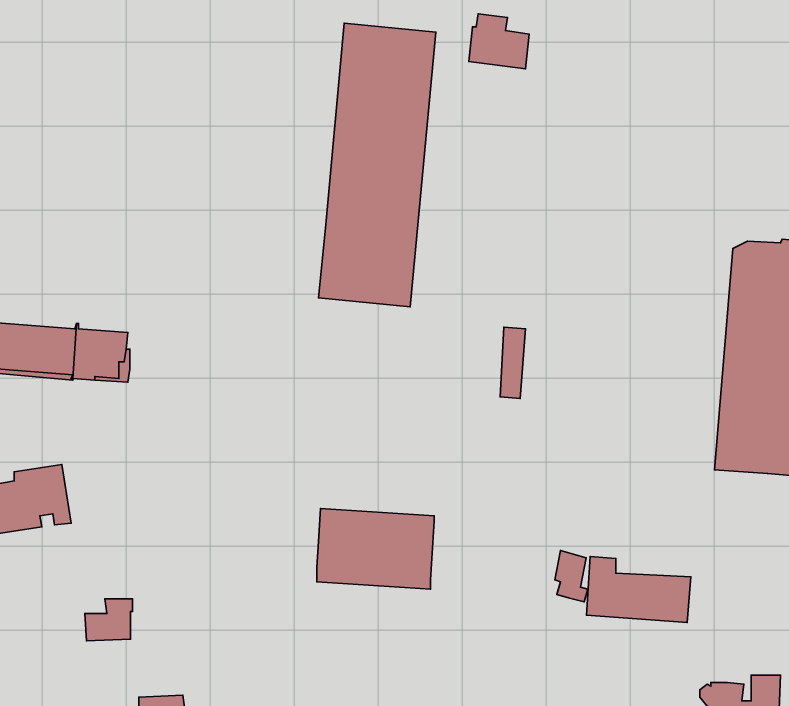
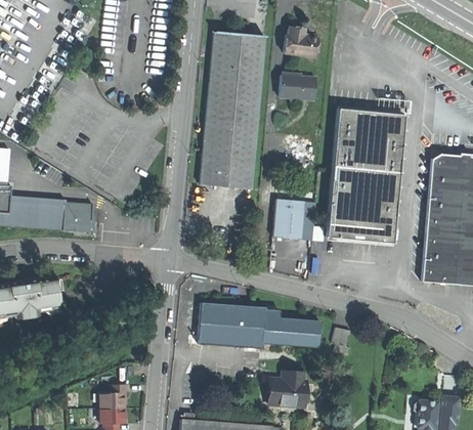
building: none -> [279,76,315,98]
building: none -> [326,109,404,242]
building: none -> [273,199,303,240]
building: [586,557,691,622] -> [262,309,320,346]
building: [85,599,132,641] -> [98,384,125,407]
building: none -> [268,377,305,404]

